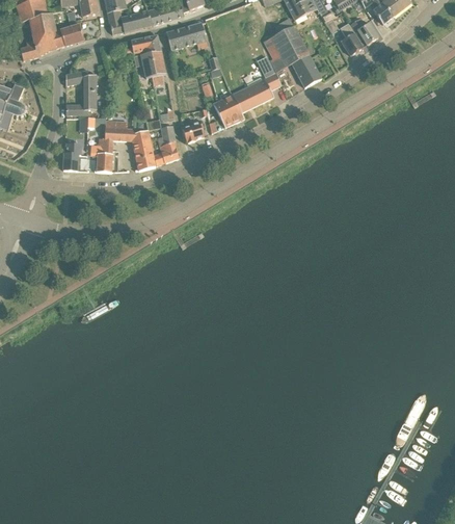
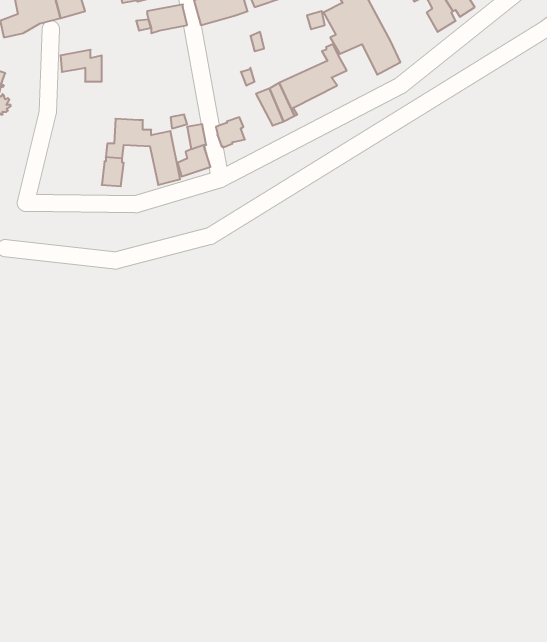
building: [139,50,165,84] -> none
building: [65,93,96,114] -> none
building: [62,143,81,171] -> none

